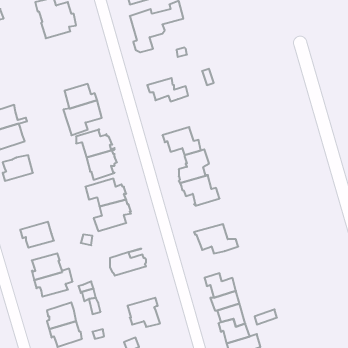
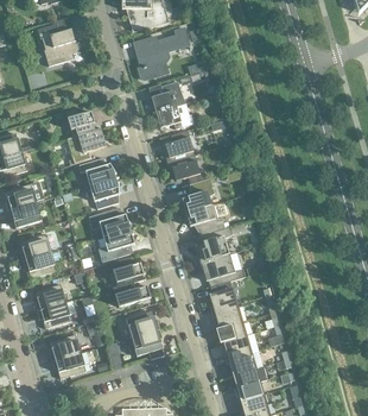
building: none -> [150,81,179,113]
building: none -> [164,131,193,164]
building: none -> [6,202,40,228]
building: none -> [196,227,230,263]
building: none -> [19,234,50,260]
building: none -> [102,259,144,289]
building: none -> [208,282,237,313]
building: none -> [125,311,159,338]

